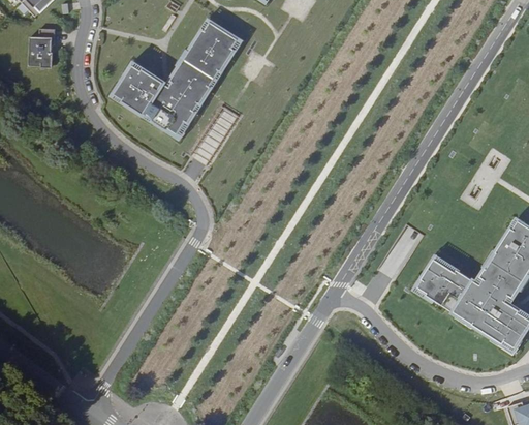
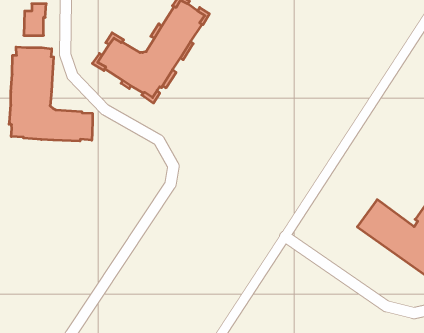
building: none -> [9,47,93,141]

